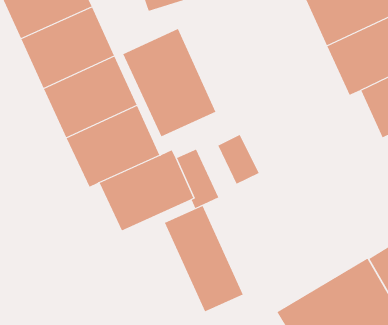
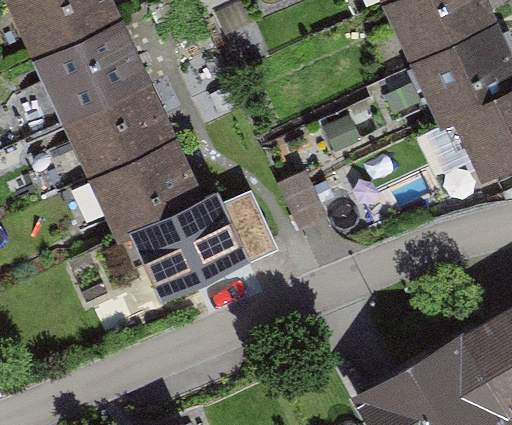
building: [123,28,216,137] -> none
building: [164,205,244,312] -> none

